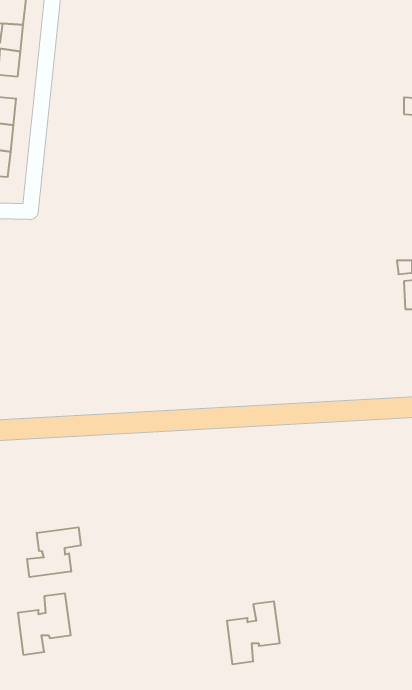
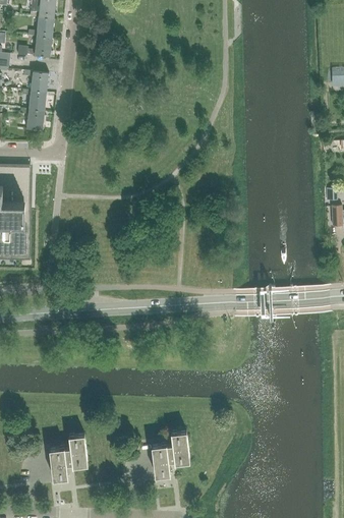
building: [27,527,81,577] -> none
building: [227,601,280,664] -> [151,434,189,479]

